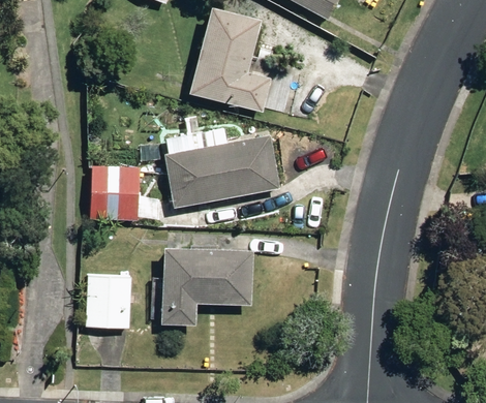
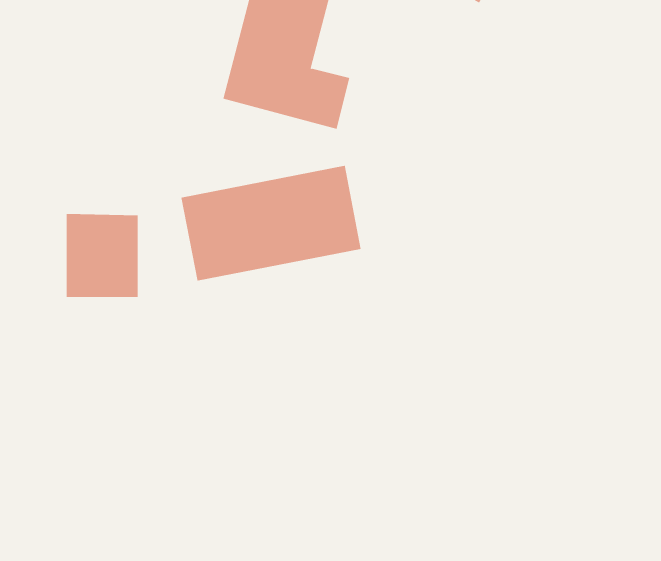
building: [161,249,253,327] -> none
building: [86,273,130,328] -> none

